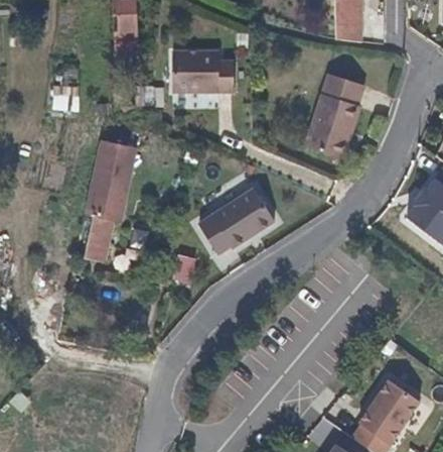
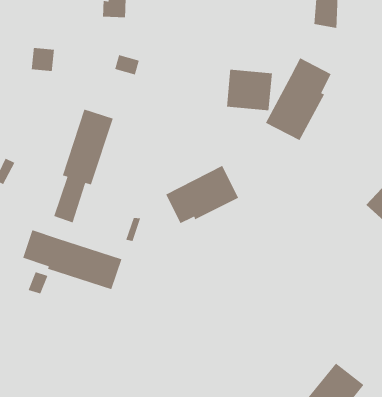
building: [178,54,223,94] -> [226,69,273,111]
building: none -> [22,229,122,290]

